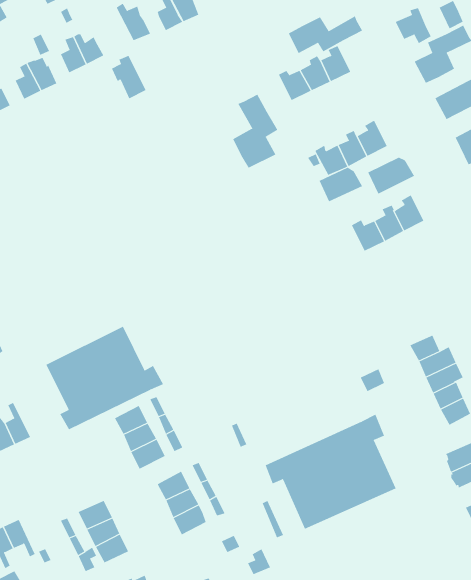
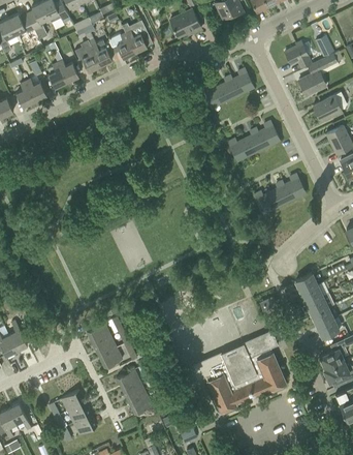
building: [288,16,363,54] -> none
building: [111,55,146,99] -> [75,40,100,71]
building: [233,94,278,169] -> none
building: [367,157,415,194] -> none
building: [319,167,363,202] -> none
building: [46,326,164,430] -> none

